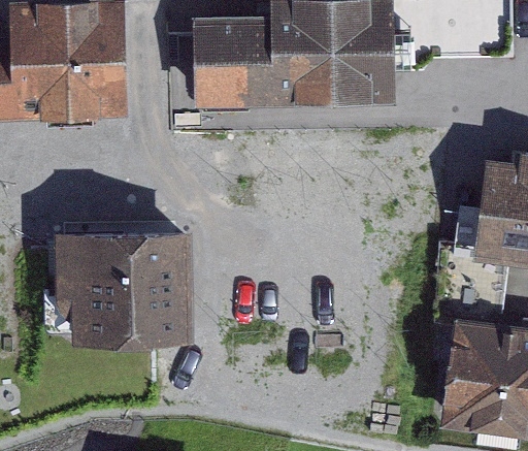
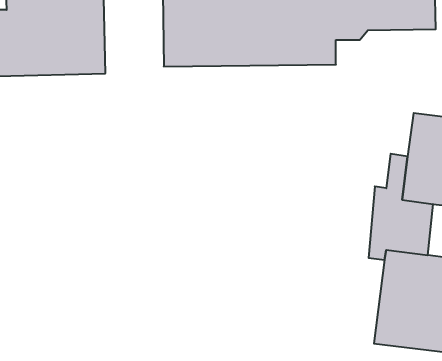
building: [55,228,195,346] -> none

